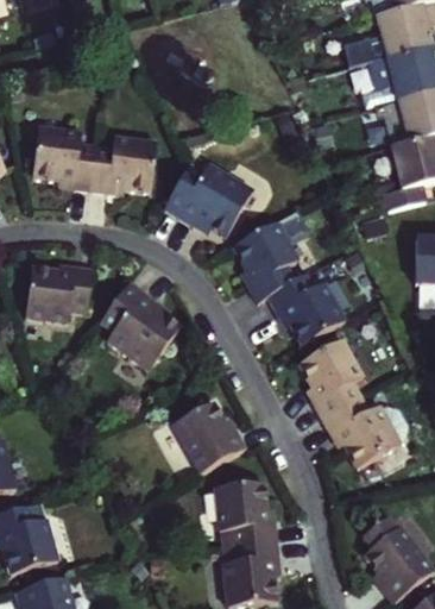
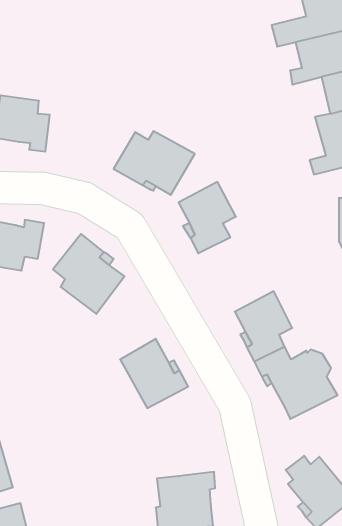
building: [93,136,160,192] -> none
building: [272,277,348,346] -> none
building: [203,483,278,548] -> none

